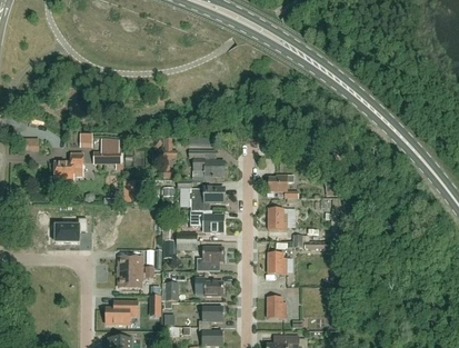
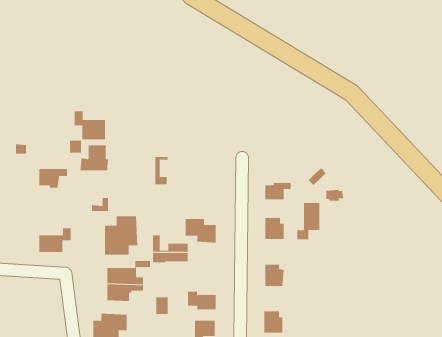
building: none -> [74,111,105,140]
building: [189,150,223,180] -> none
building: [188,188,223,209] -> none
building: none -> [297,202,320,240]
building: none -> [104,215,138,256]
building: [196,246,222,270] -> none

